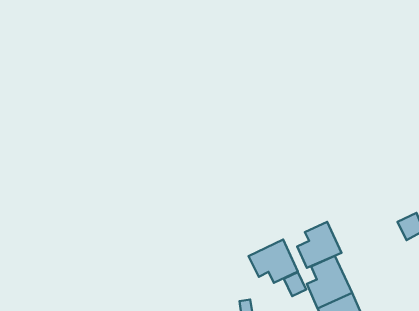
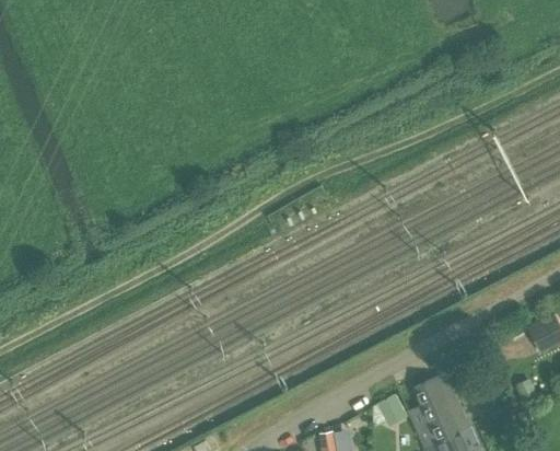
building: [297,222,341,268] -> none
building: [249,240,298,283] -> none

